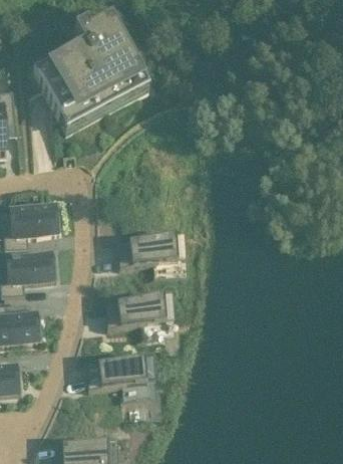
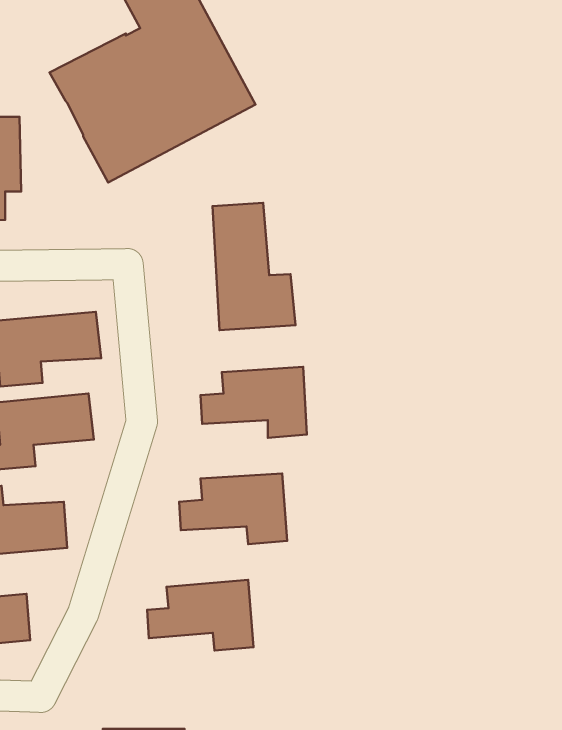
building: none -> [212,203,296,330]

